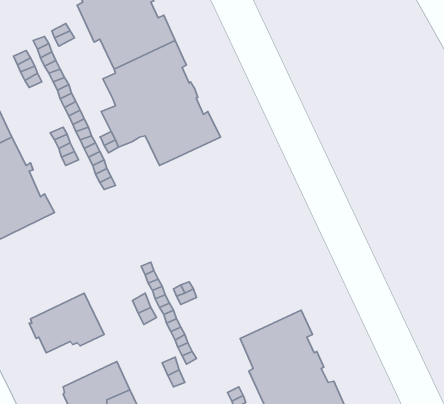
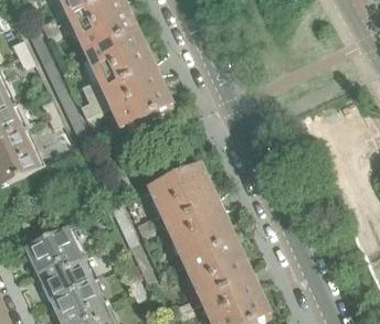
building: none -> [156,169,239,266]
building: none -> [40,262,95,303]

